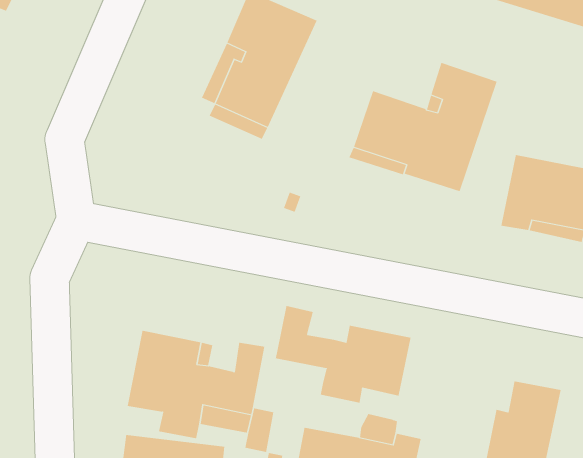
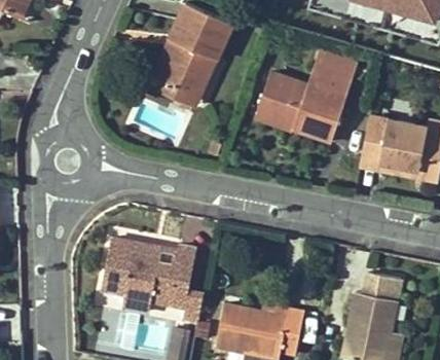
building: [275,305,411,404] -> none

